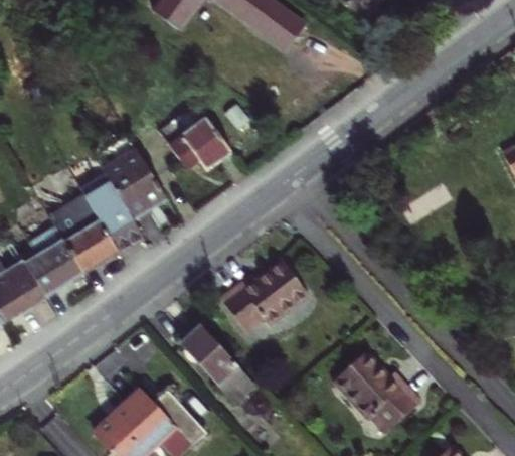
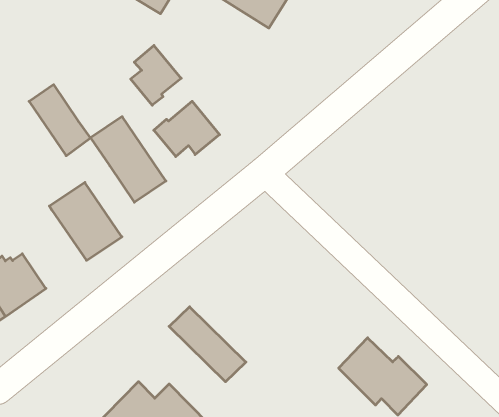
building: none -> [131,45,181,105]
building: [97,173,155,244] -> [29,85,91,156]
building: [21,213,94,290] -> none
building: [222,267,310,336] -> none

